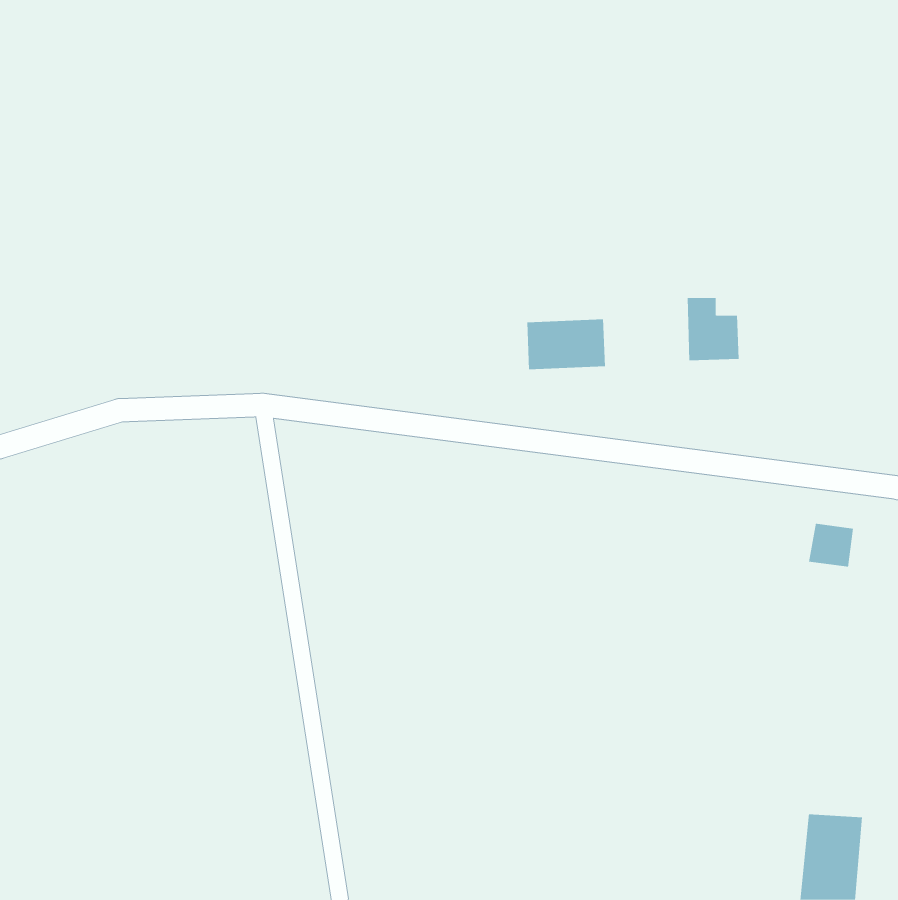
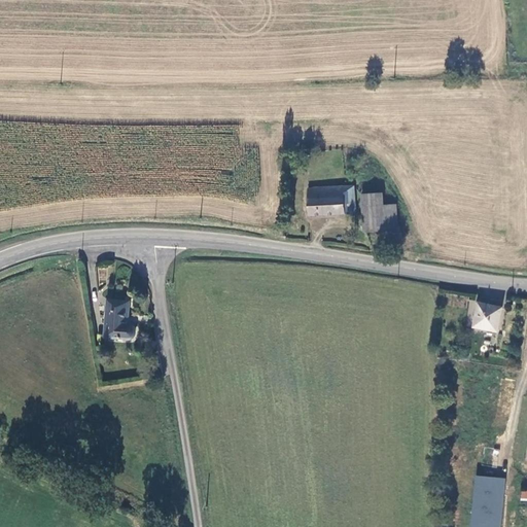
building: [687,297,740,361] -> [362,195,393,232]
building: none -> [106,296,135,335]

